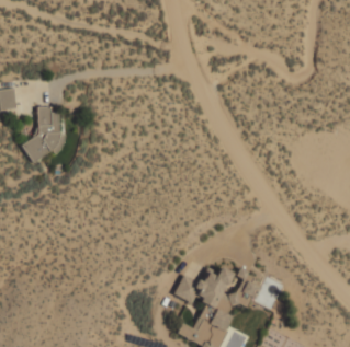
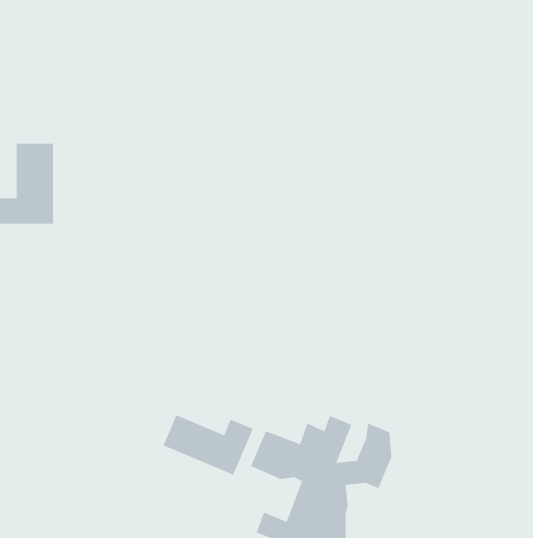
building: none -> [163,414,253,476]

